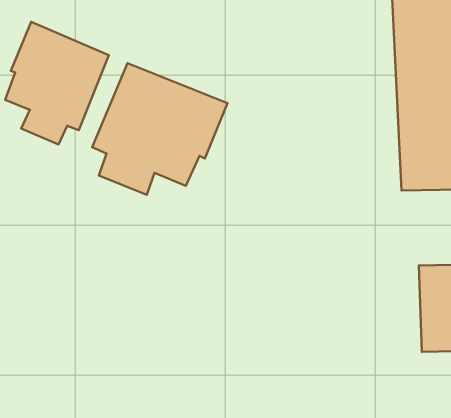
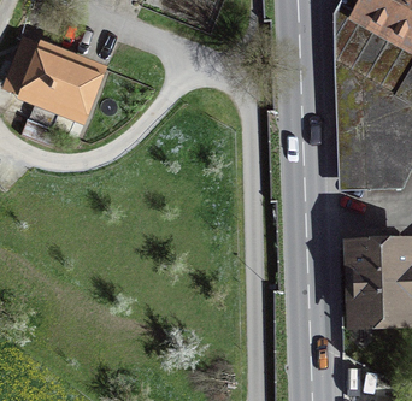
building: [92,63,228,195] -> none

